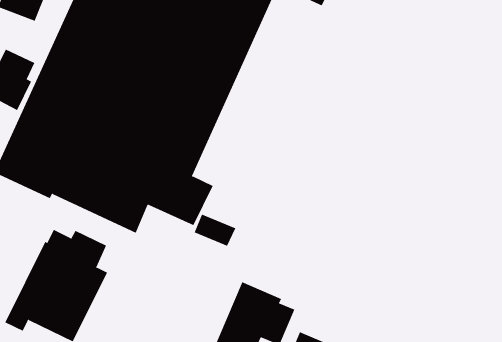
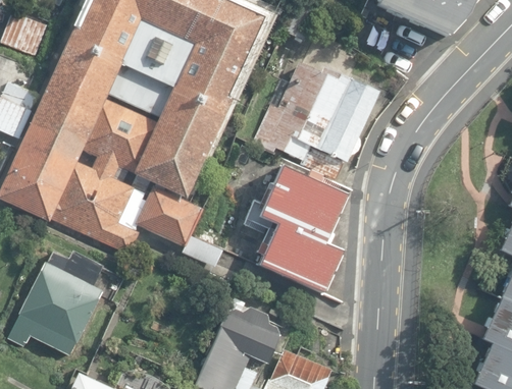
building: none -> [251,62,378,178]
building: none -> [258,164,347,293]

